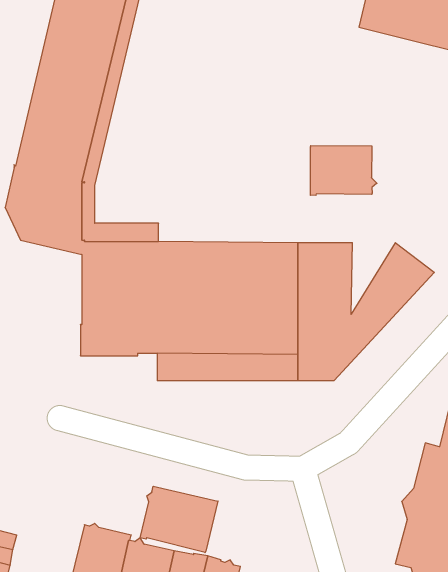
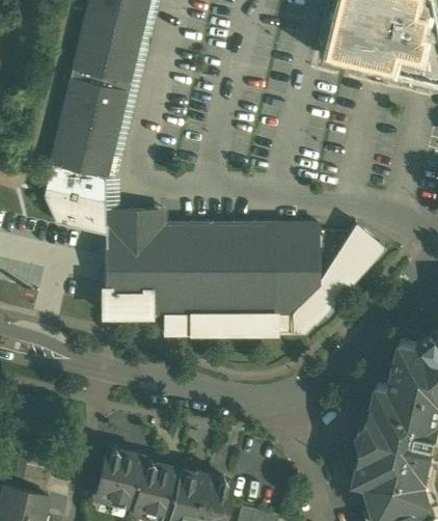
building: [311,146,377,195] -> none
building: [140,486,218,553] -> none

